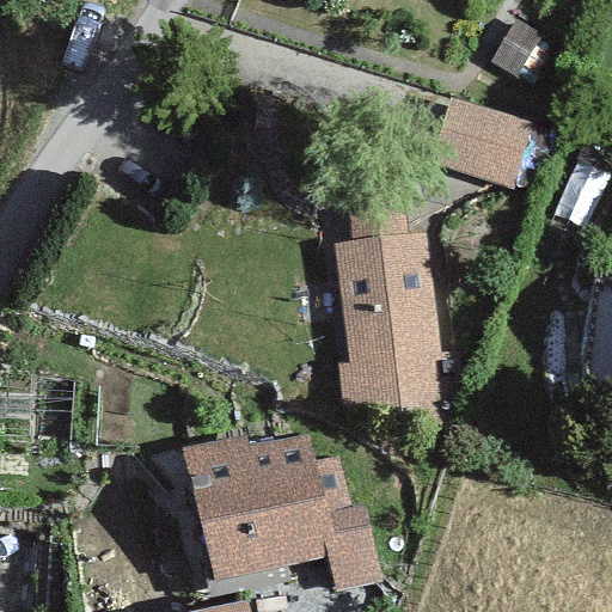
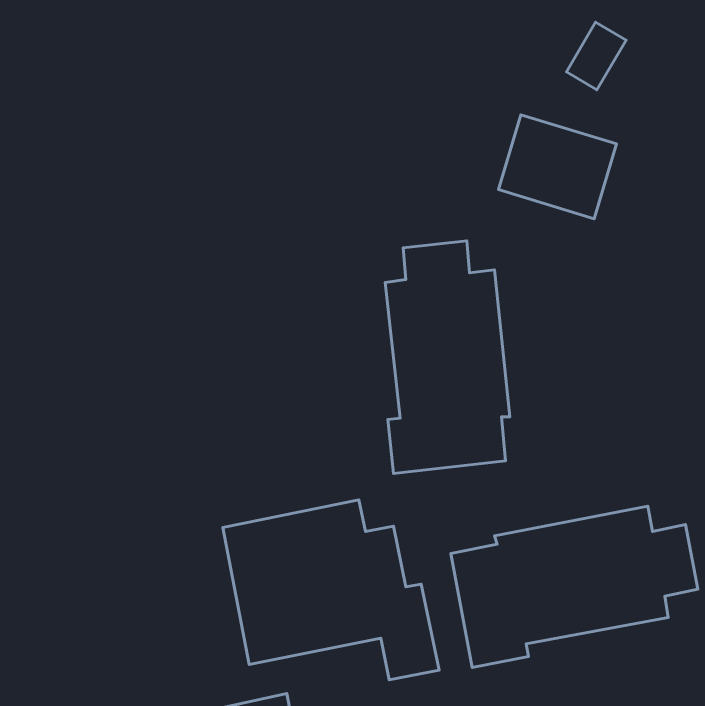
building: none -> [451,506,698,668]

